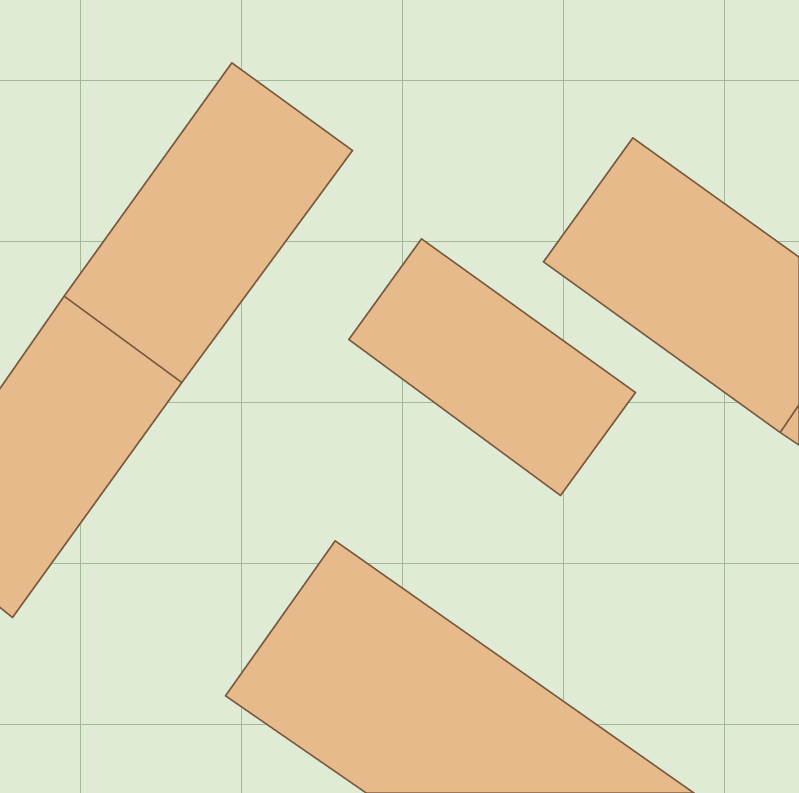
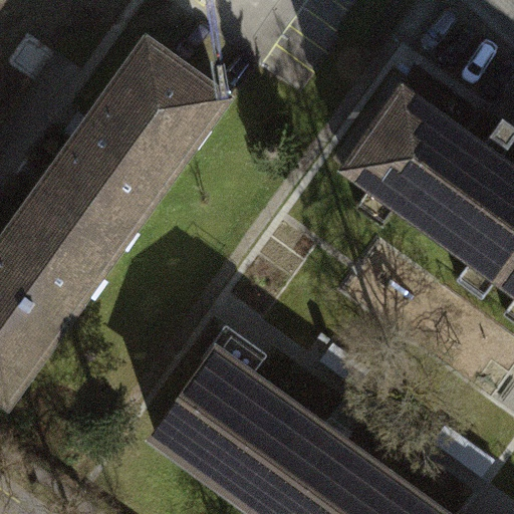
building: [349,239,635,495] -> none

